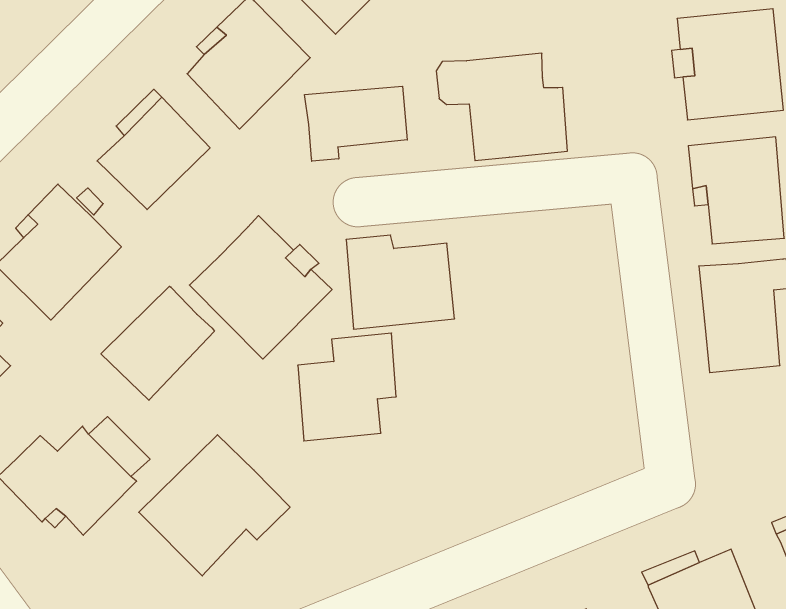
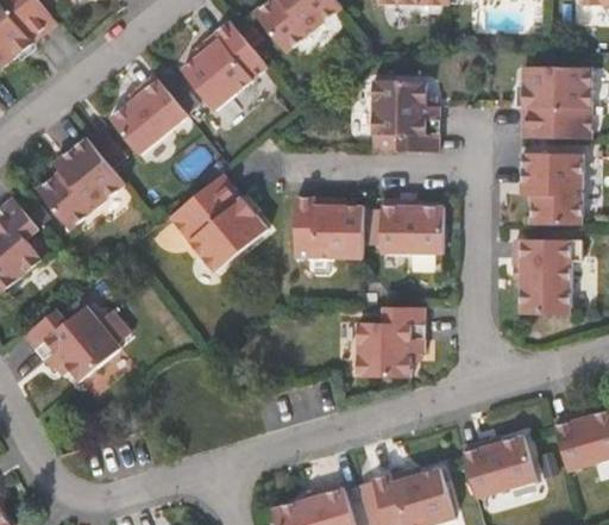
building: [305,86,407,161] -> none
building: none -> [381,206,442,254]
building: [101,286,214,400] -> none
building: [298,333,396,441] -> [354,306,422,374]
building: [139,435,290,576] -> none

